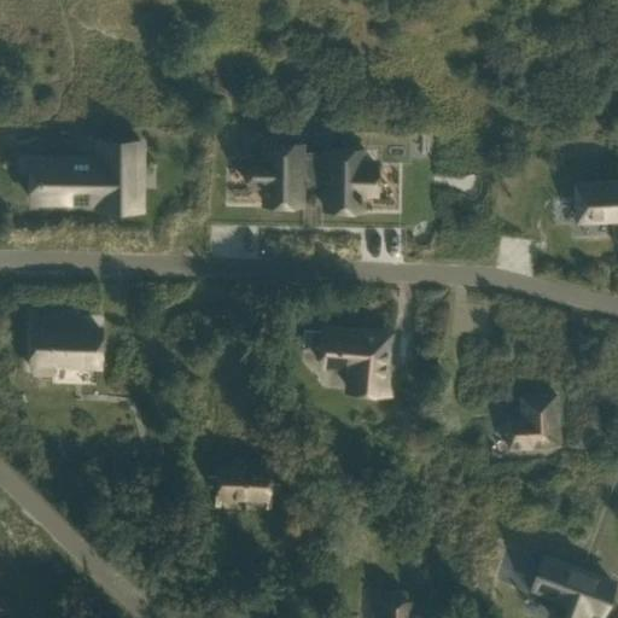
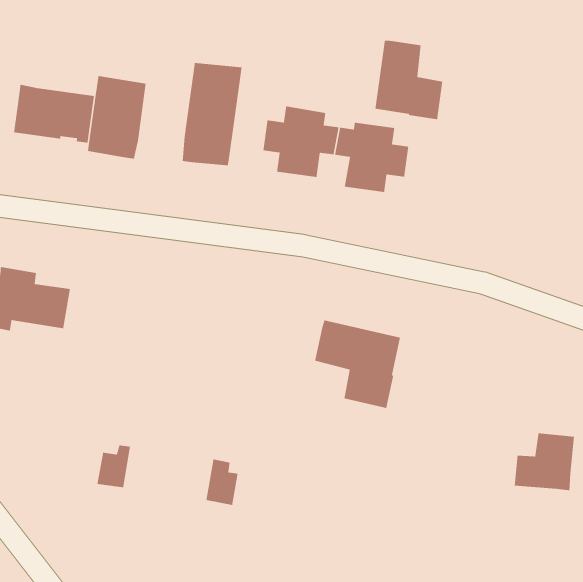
building: none -> [375,40,443,120]
building: none -> [182,62,242,166]
building: [220,462,245,500] -> [96,444,131,488]

